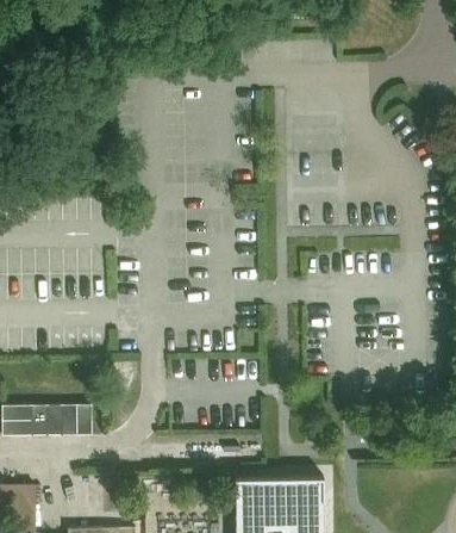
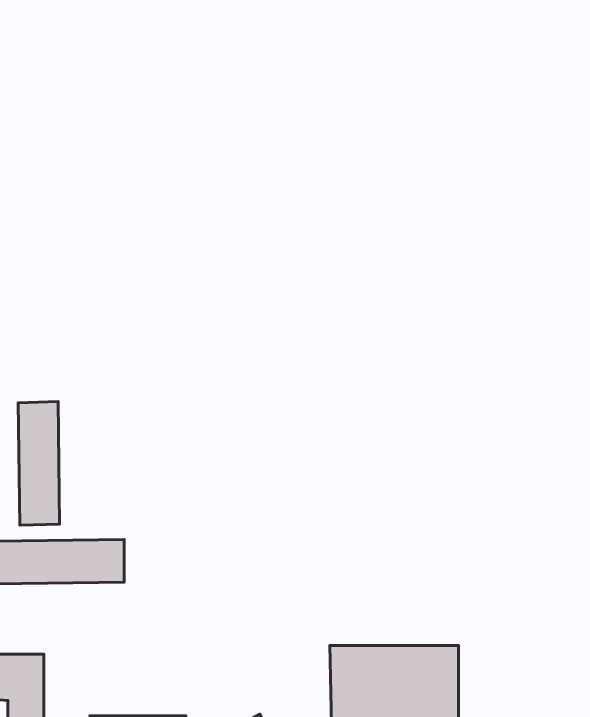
building: none -> [18,402,60,525]

